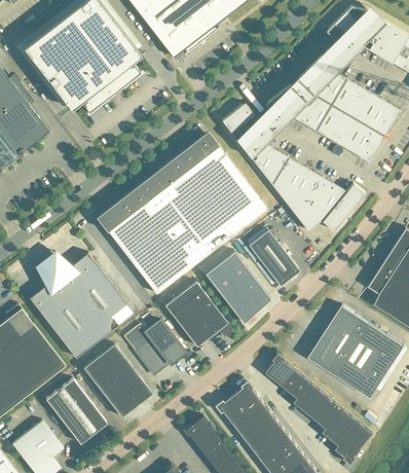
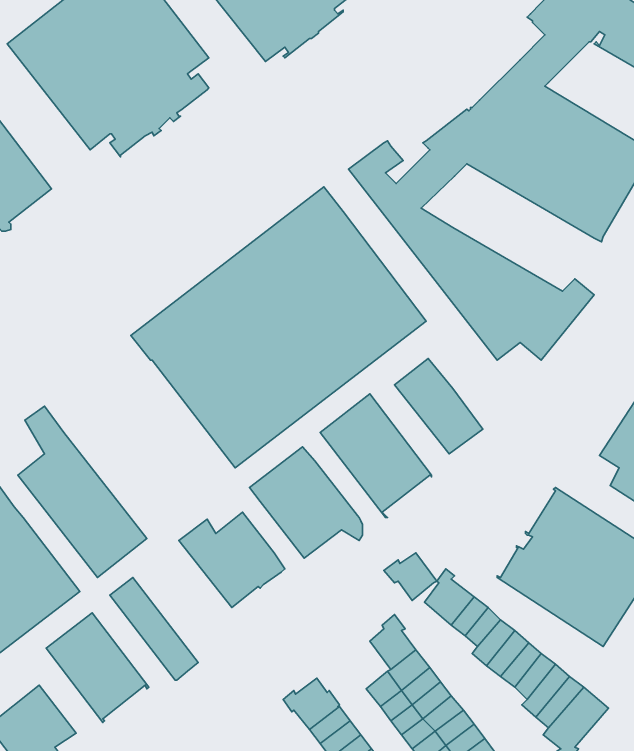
building: [44,250,134,335] -> none
building: [96,344,151,407] -> none
building: [215,395,246,423] -> [384,553,437,600]

